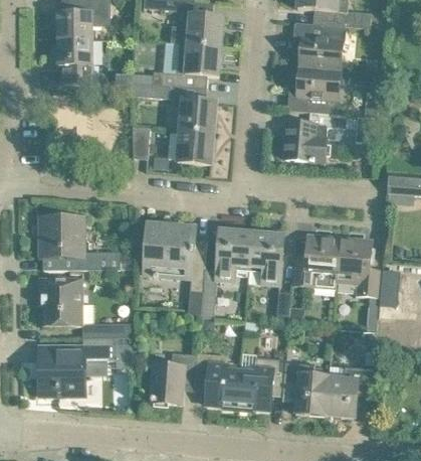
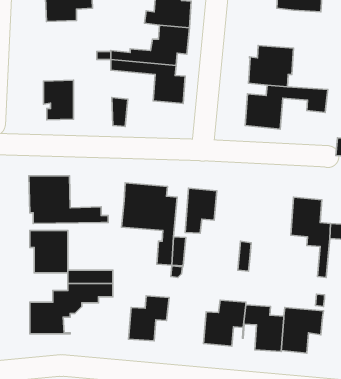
building: [290,22,342,69] -> none
building: [57,38,91,84] -> [43,80,73,120]
building: [176,130,213,164] -> none
building: [247,233,283,285] -> none
building: [290,237,339,292] -> none
building: [194,352,239,407] -> none

